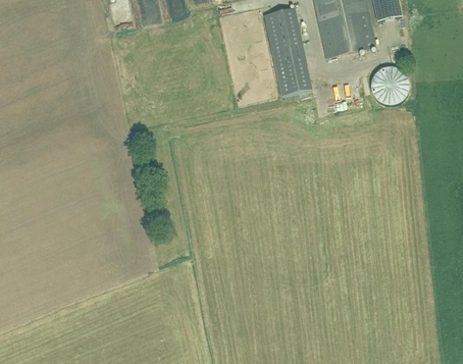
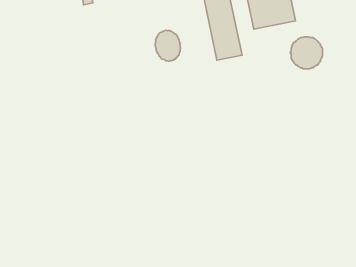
building: none -> [155,30,181,61]

